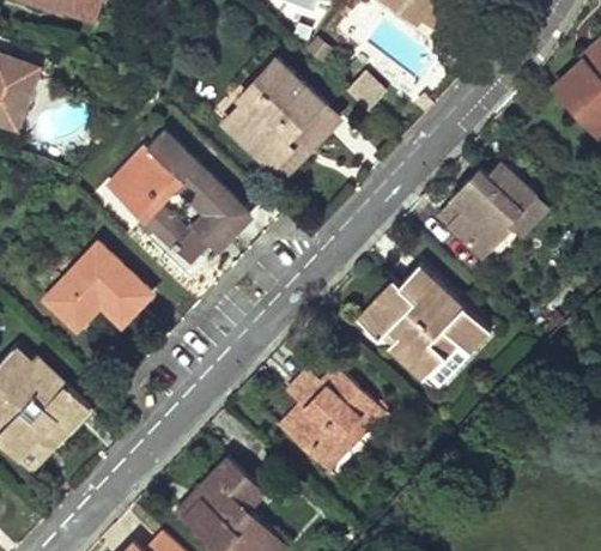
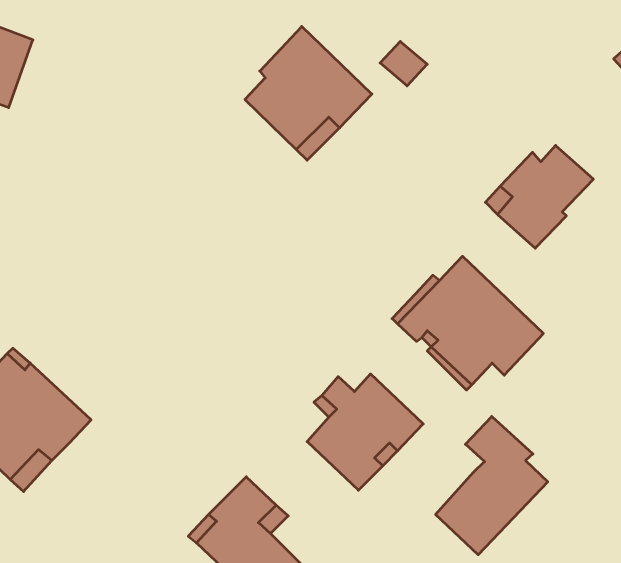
building: [116,132,248,266] -> none
building: [45,246,151,329] -> none
building: none -> [436,416,548,555]

